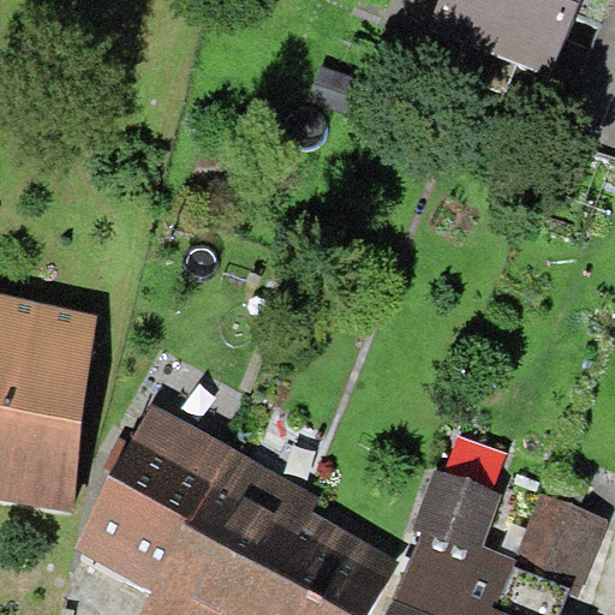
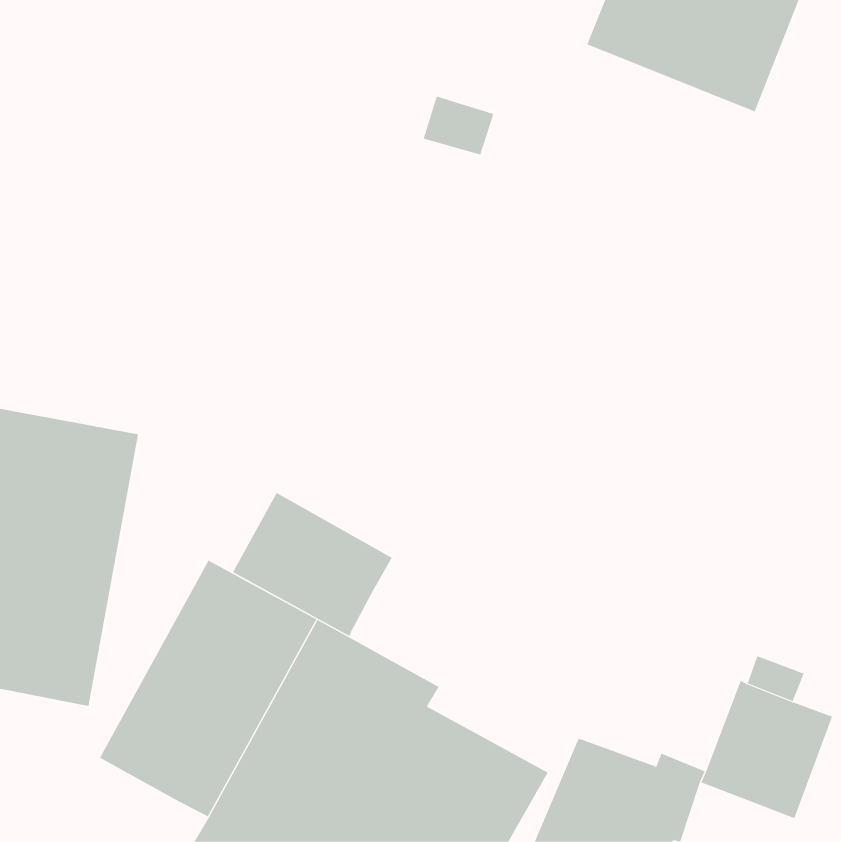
building: none -> [232,492,393,637]
building: [410,472,500,557] -> none

